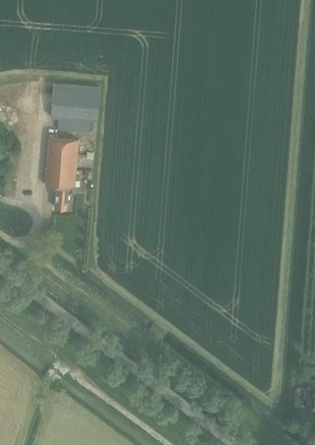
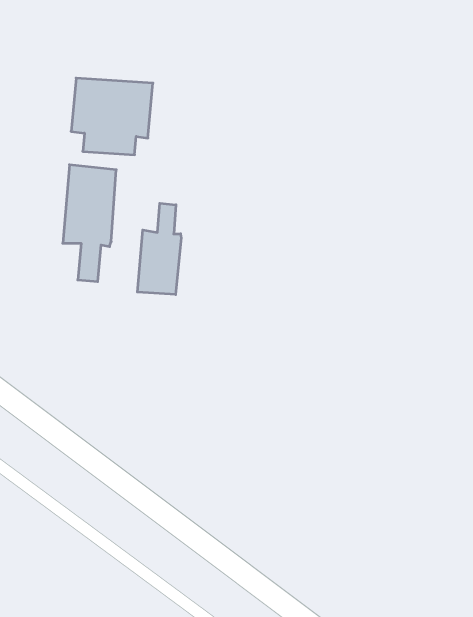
building: none -> [137,203,181,295]

